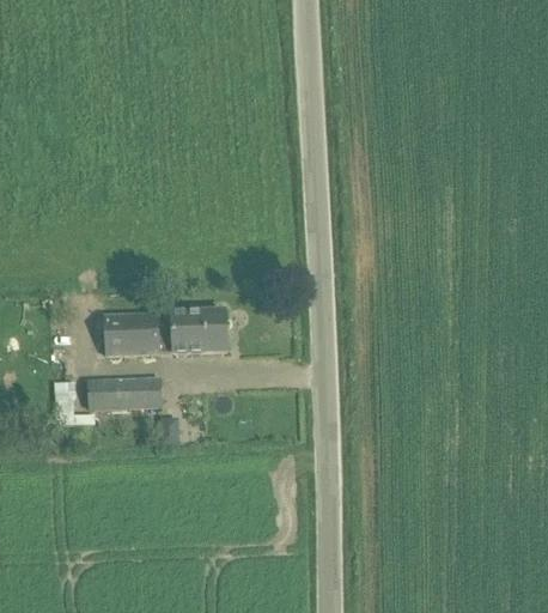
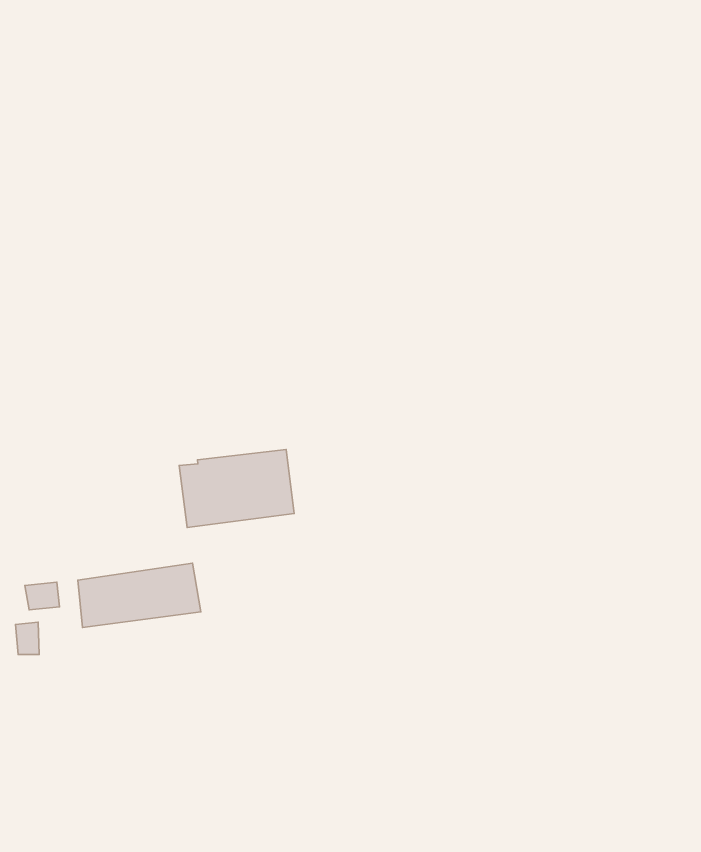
building: [105,314,159,354] -> none

